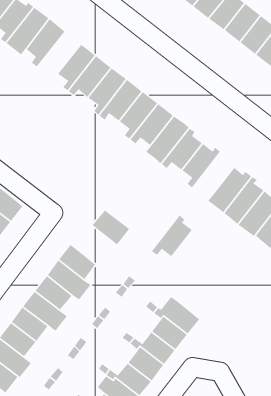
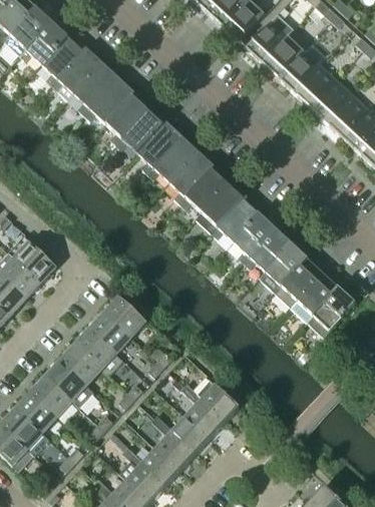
building: none -> [83,77,134,123]
building: [92,209,130,246] -> [103,296,145,337]
building: [151,214,193,257] -> [243,224,291,271]

